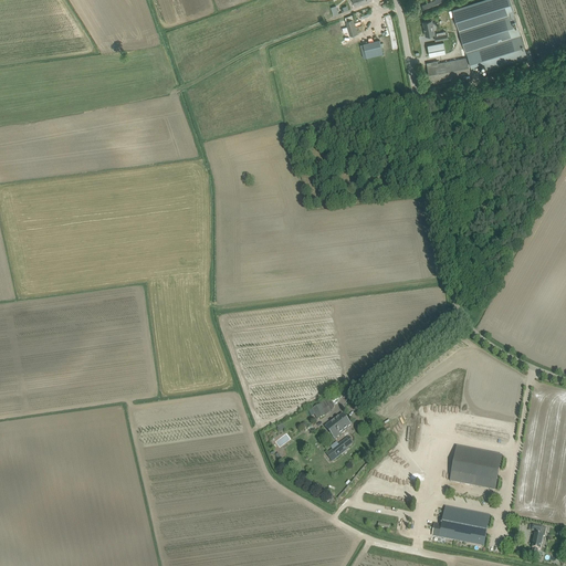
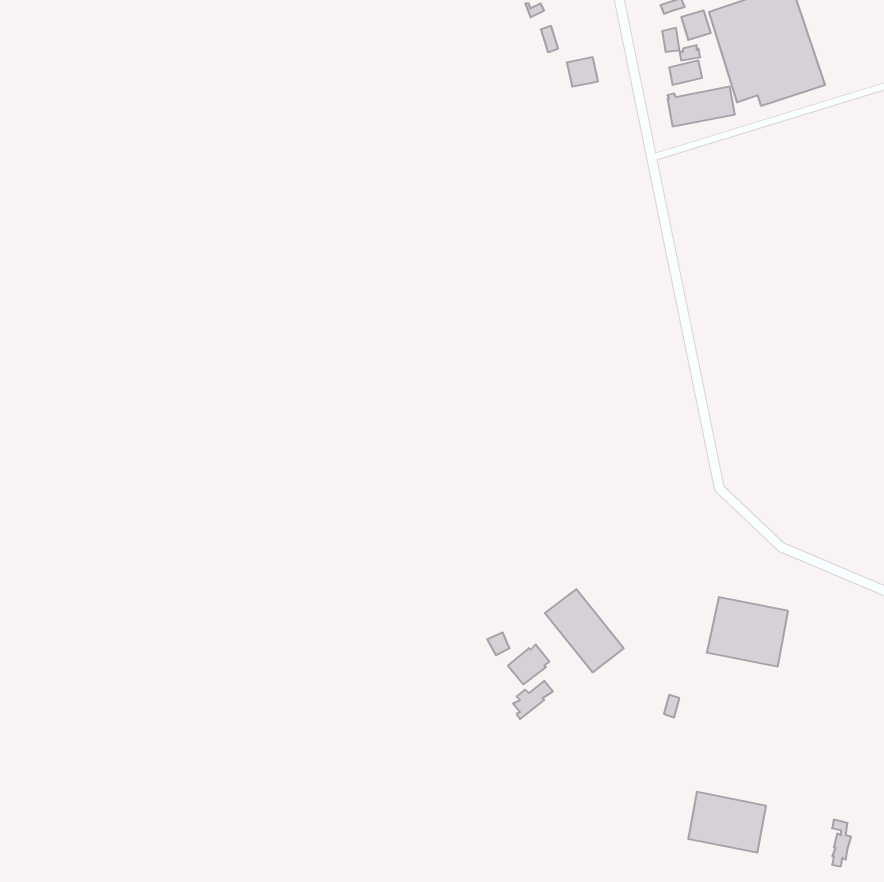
building: none -> [545,589,624,672]
building: [449,444,501,489] -> [707,597,788,666]

